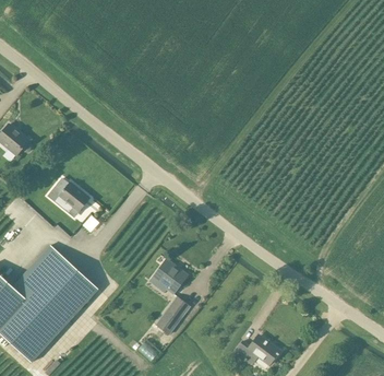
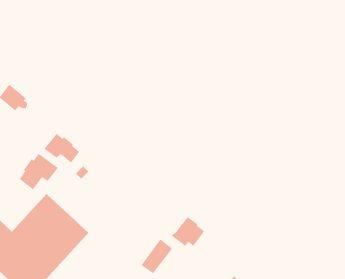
building: none -> [19,153,59,191]
building: [149,259,188,293] -> [171,216,205,247]

